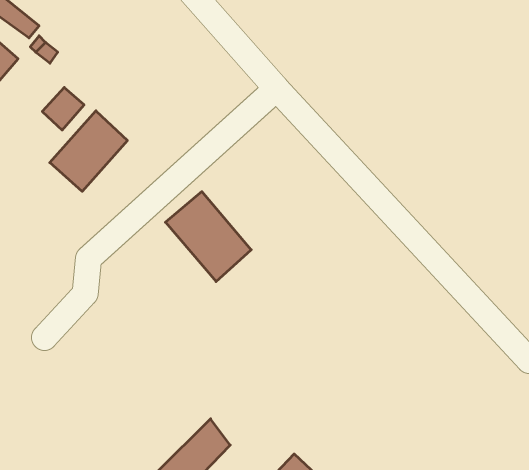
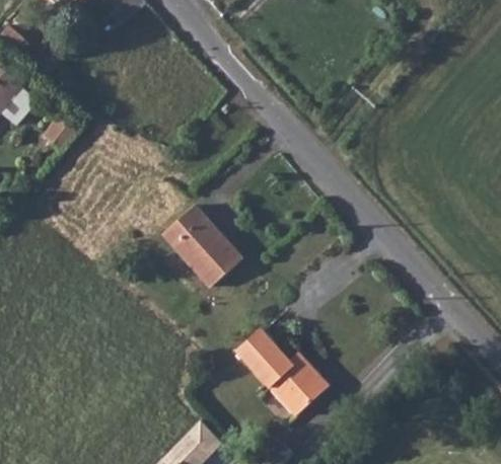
building: [50,111,127,191] -> none
building: none -> [237,330,331,416]

